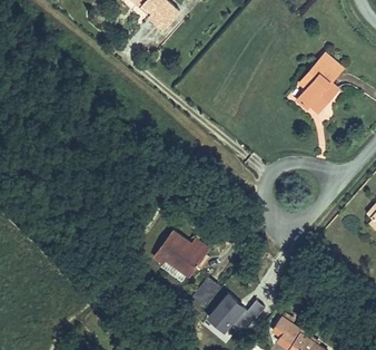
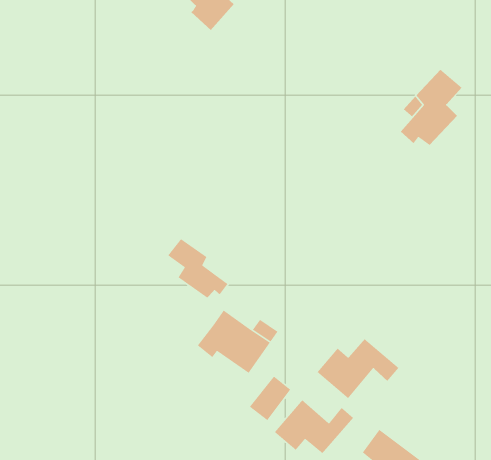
building: none -> [167,238,228,298]
building: none -> [317,338,400,399]

